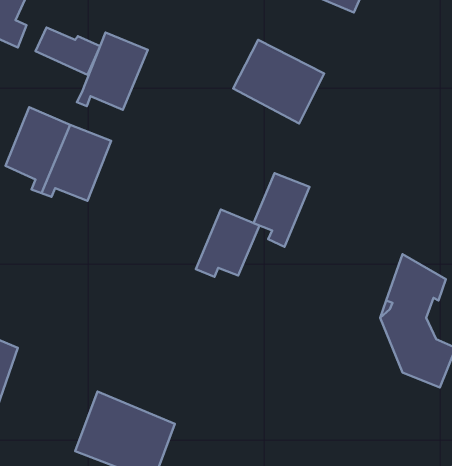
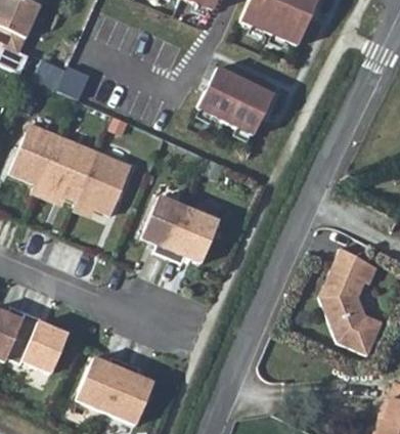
building: [77,33,148,110] -> [75,150,133,214]
building: [253,173,309,247] -> [142,196,188,256]
building: none -> [16,321,64,377]

